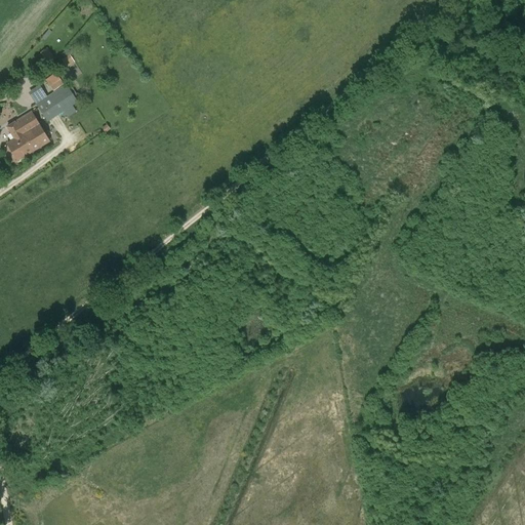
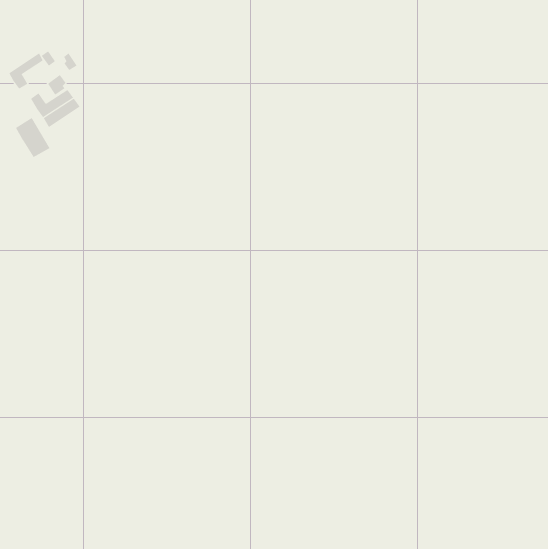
building: none -> [8,53,44,90]
building: [6,122,32,161] -> none

